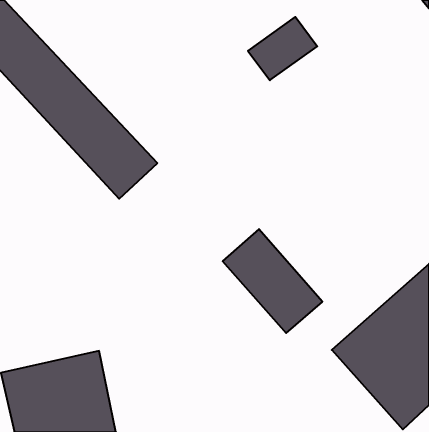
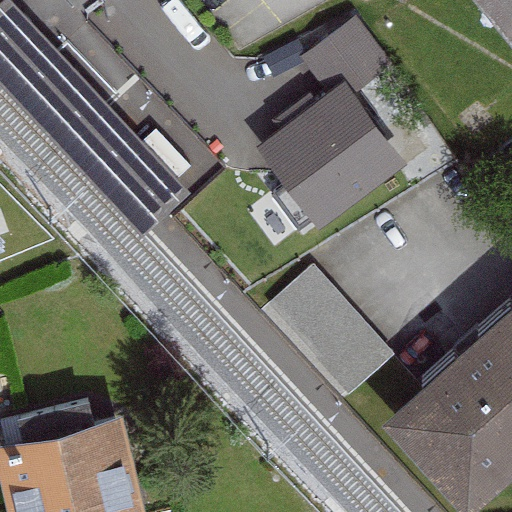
building: none -> [261,81,407,229]

